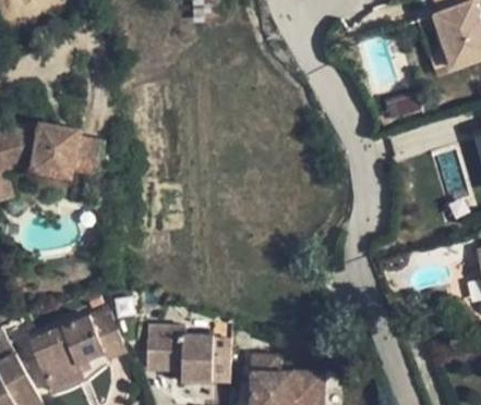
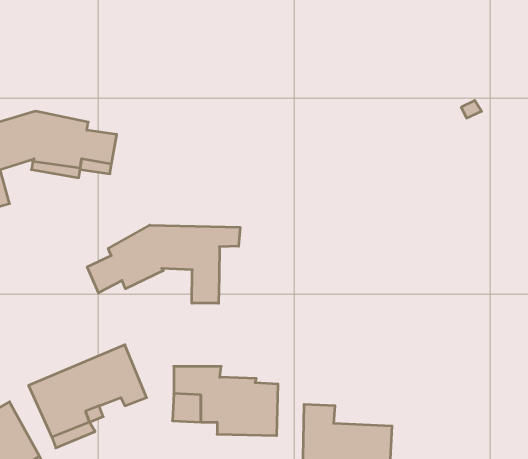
building: none -> [87,225,240,303]

